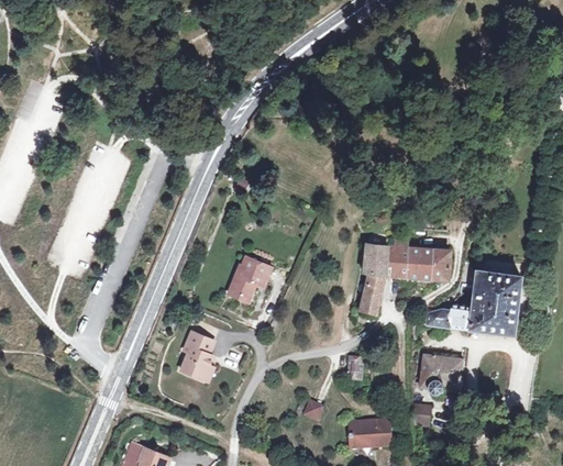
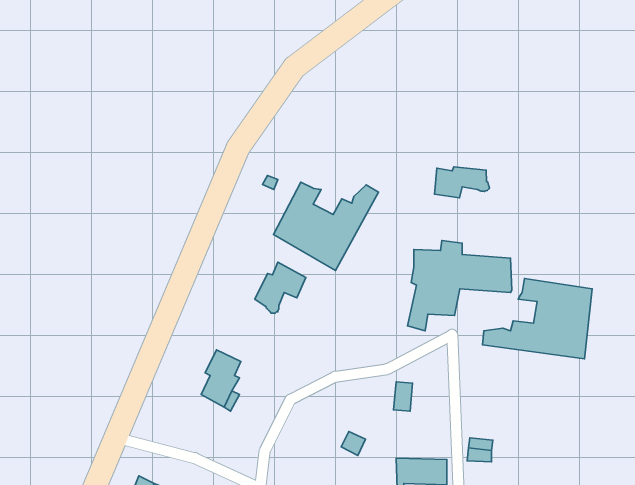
building: none -> [435,167,490,198]
building: none -> [273,182,378,270]
building: [423,355,463,397] -> none

